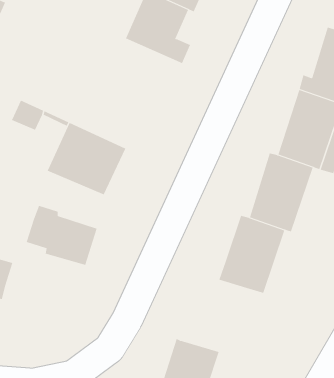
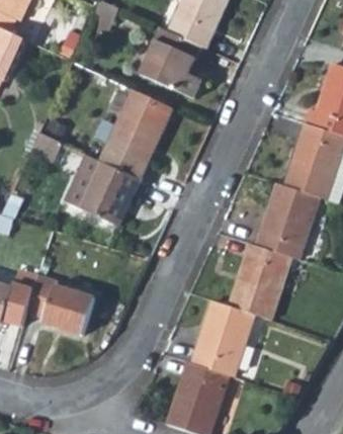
building: none -> [98,89,173,179]
building: [26,205,98,266] -> [24,275,93,333]
building: none -> [191,299,254,375]

